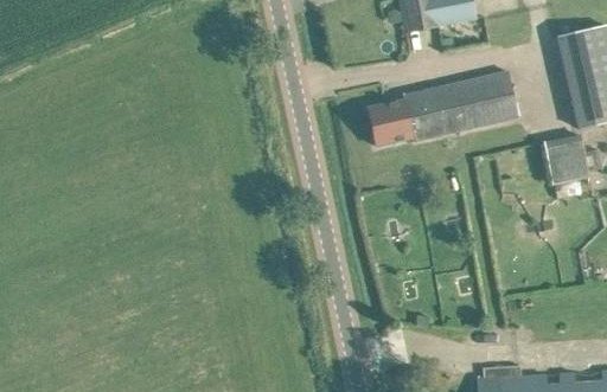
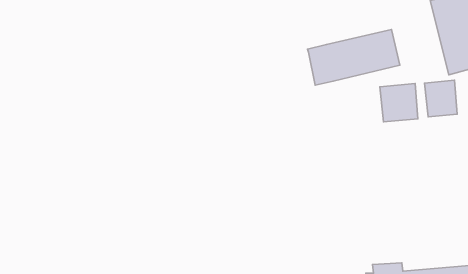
building: [366,101,410,147] -> none
building: none -> [380,84,418,122]

